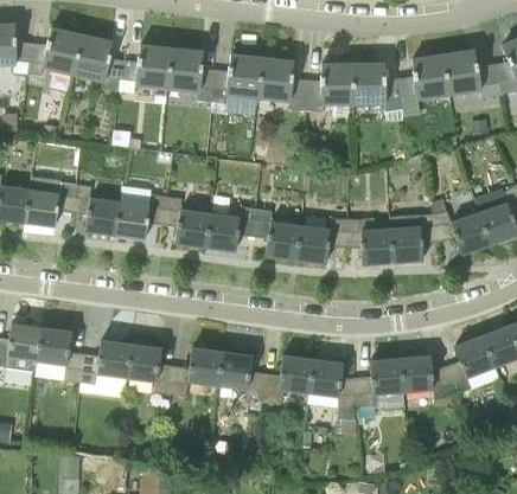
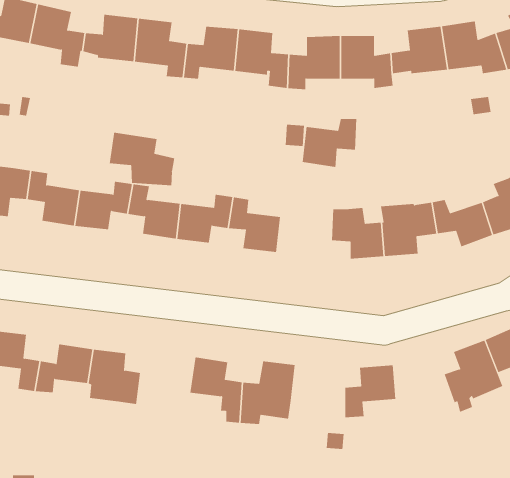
building: none -> [109,132,175,186]
building: [296,219,346,263] -> [302,118,357,167]
building: [171,348,223,397] -> none
building: [401,355,455,400] -> none
building: [309,359,357,408] -> none

